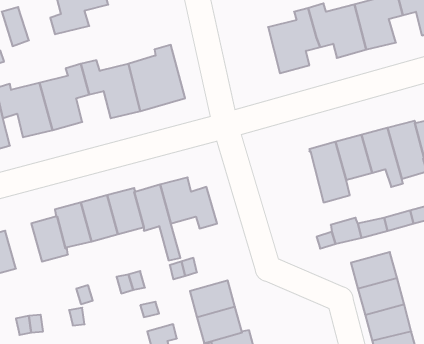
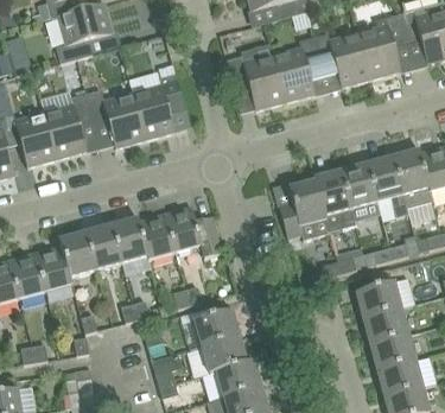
building: none -> [225,56,285,110]
building: none -> [279,180,329,239]
building: none -> [9,253,46,298]

